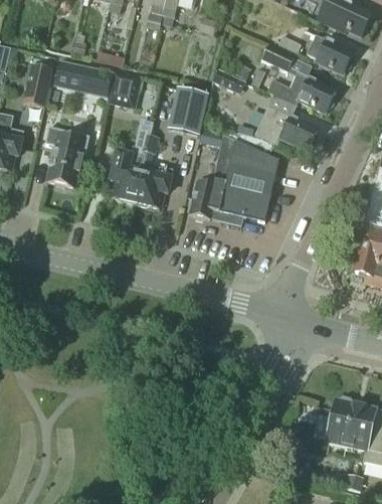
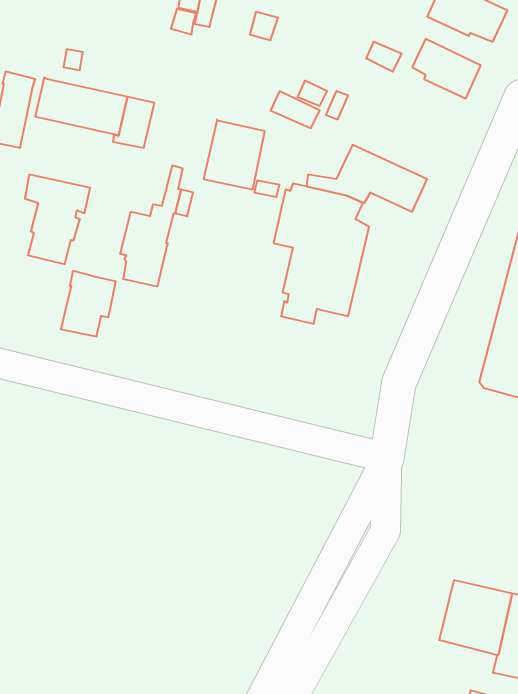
building: [260,45,336,112] -> none
building: [136,161,173,205] -> [61,271,116,337]
building: [190,171,227,217] -> none

